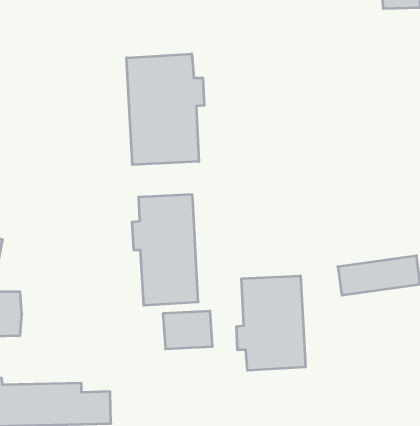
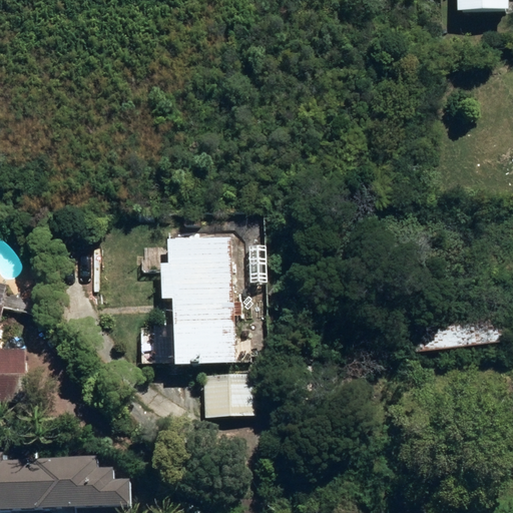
building: [127,54,204,165] -> none
building: [237,276,305,370] -> none

